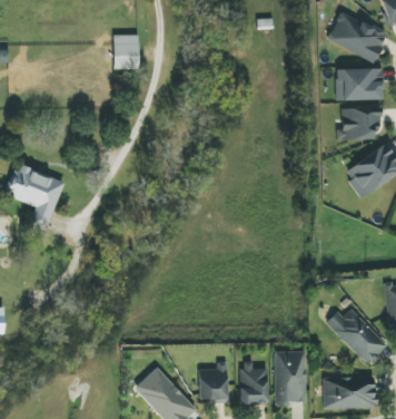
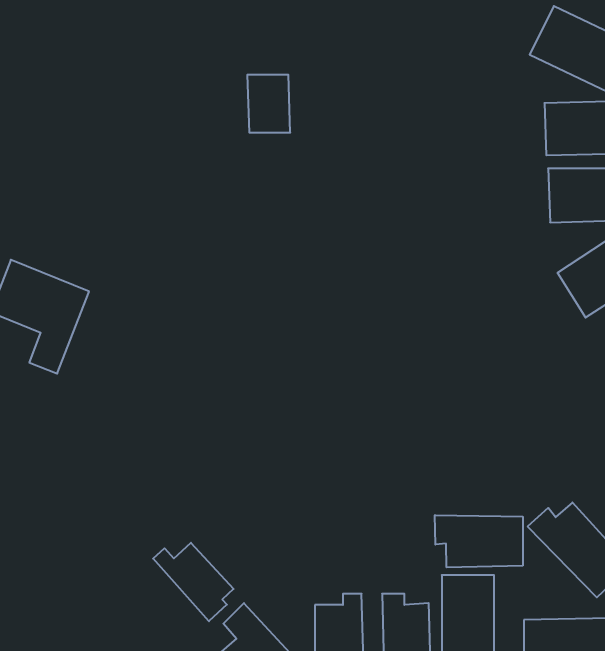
building: [113,35,139,69] -> [247,75,290,133]
building: none -> [435,515,523,567]
building: none -> [153,543,234,621]

